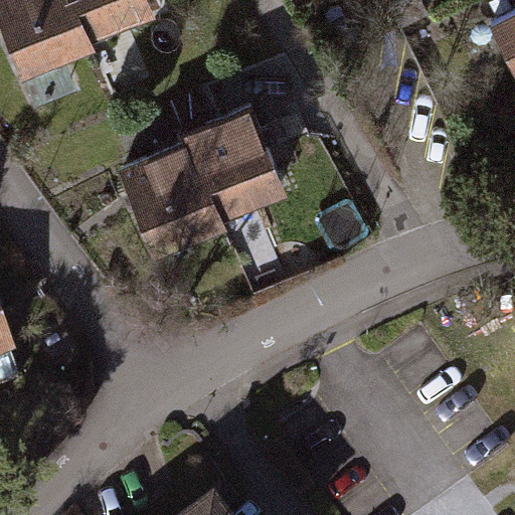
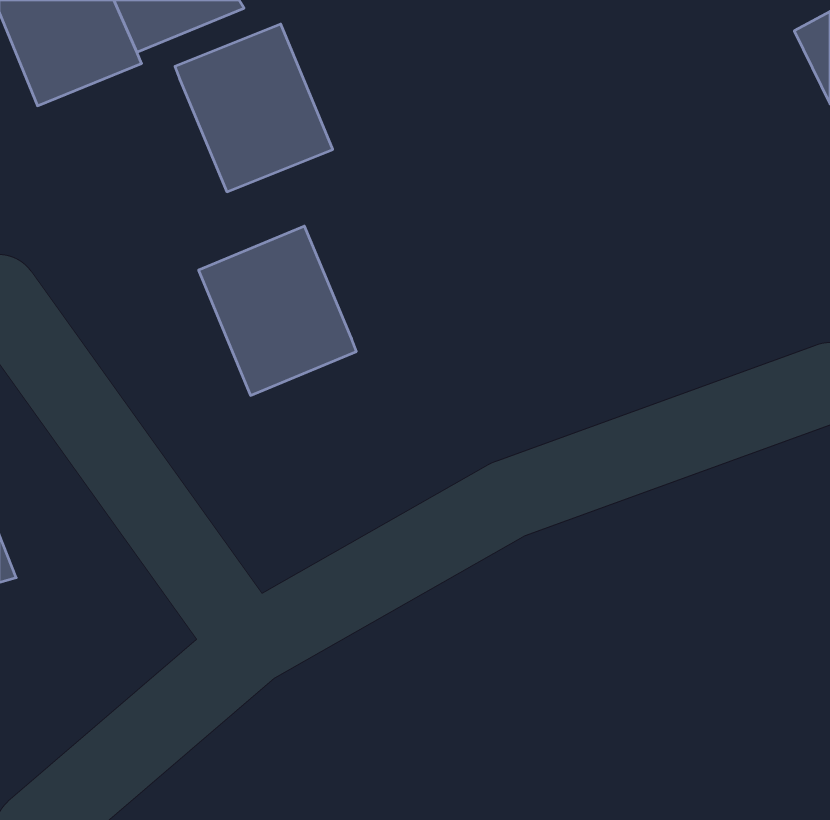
building: [185,113,283,216] -> [175,24,333,192]

